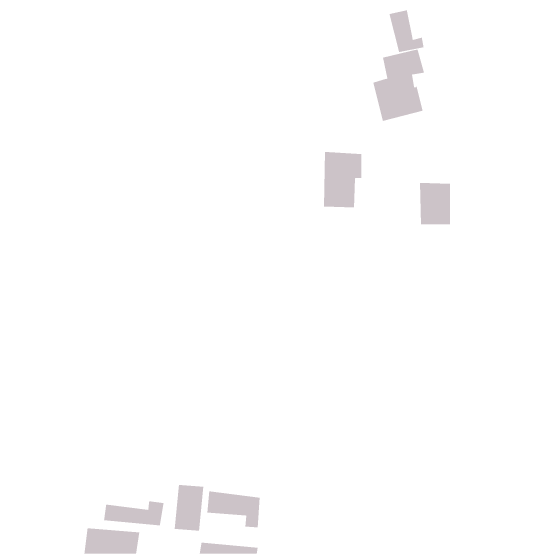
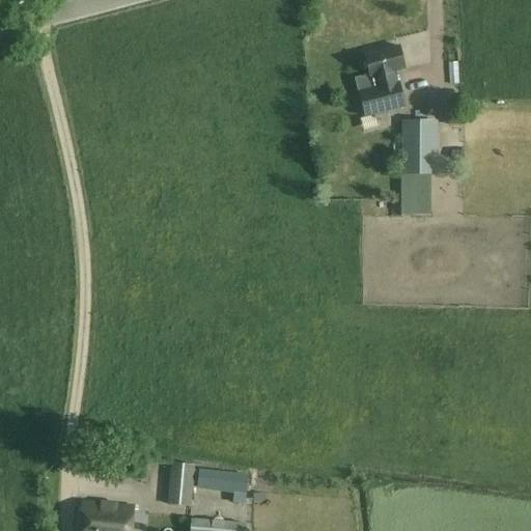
building: [389,9,424,53] -> none
building: [323,151,362,208] -> [400,121,438,175]
building: [103,501,164,526] -> none

